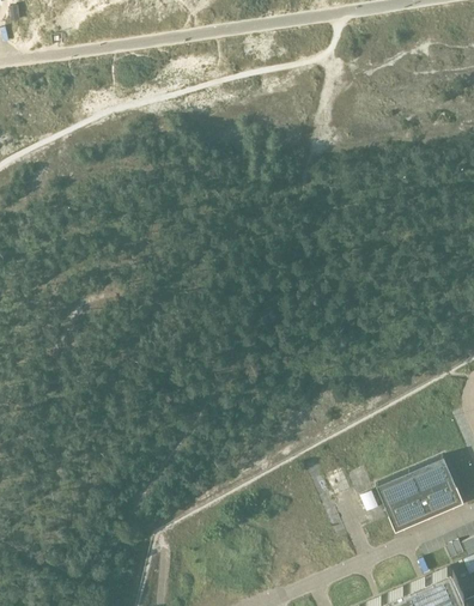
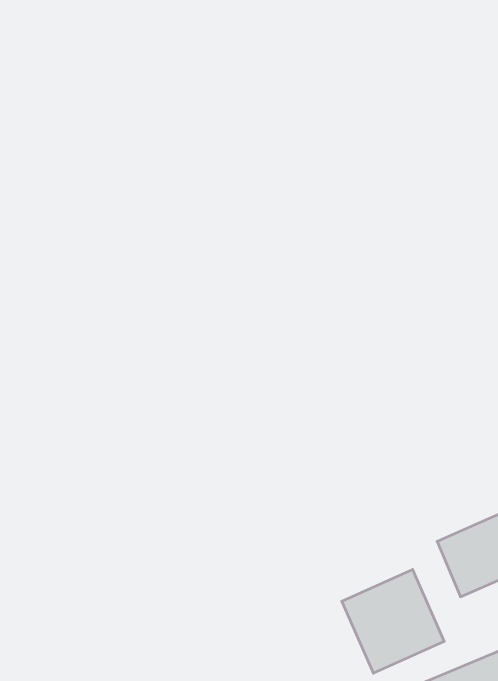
building: none -> [342,569,444,673]

